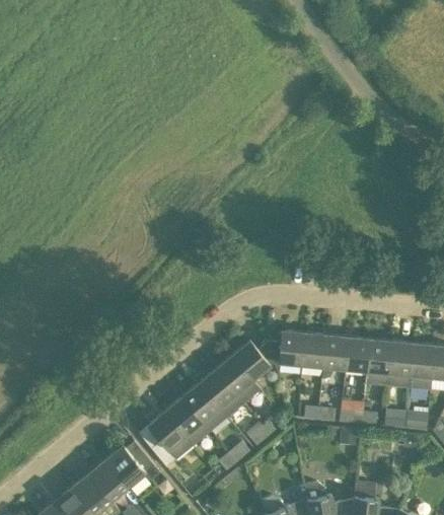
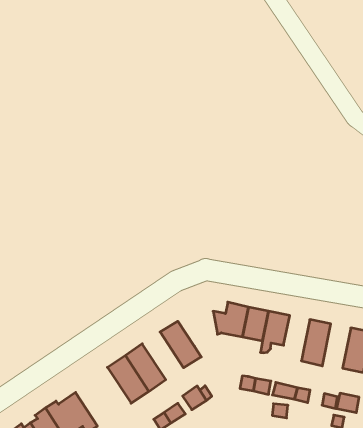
building: [344,338,368,372] -> none
building: [231,341,274,380] -> none
building: [386,342,412,388] -> none
building: [197,369,242,418] -> none
building: [146,412,192,467] -> none

